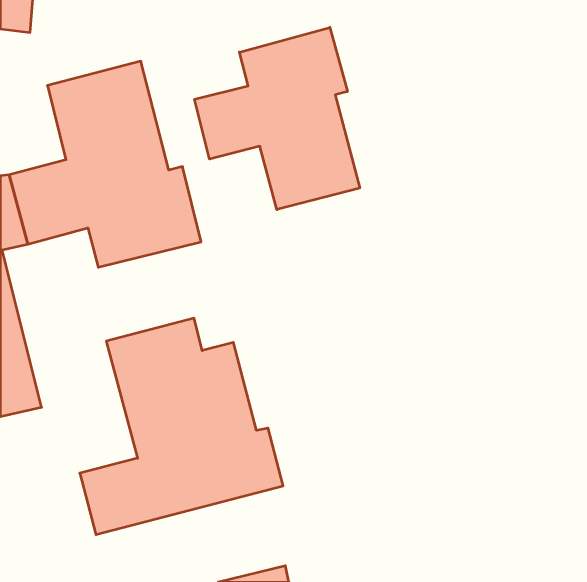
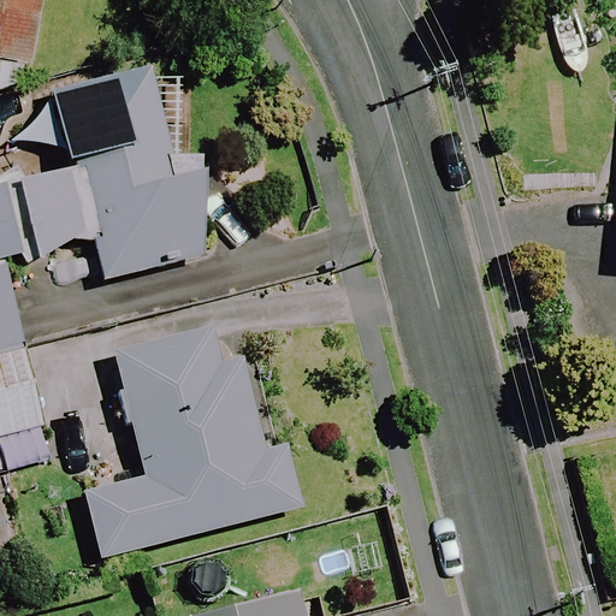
building: [195,27,360,210] -> none

